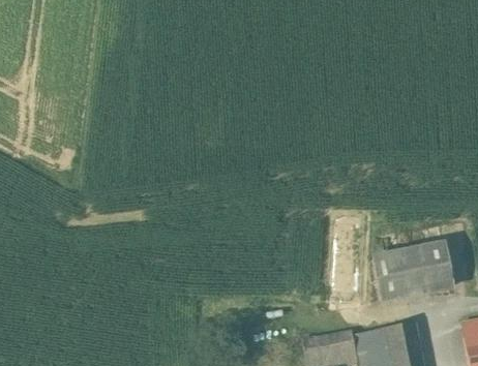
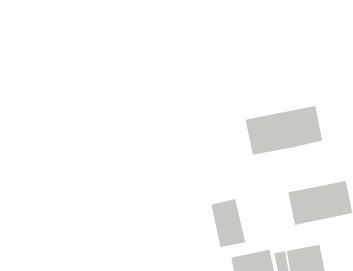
building: none -> [245,105,323,155]
building: none -> [211,198,246,248]

